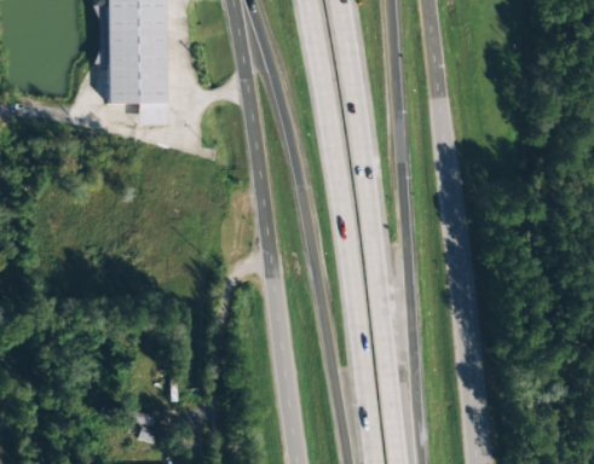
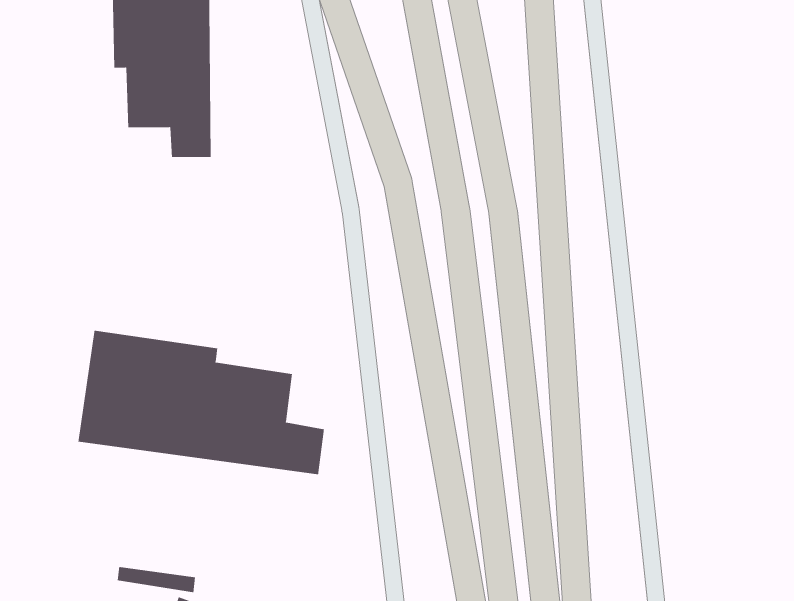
building: none -> [78,330,324,475]

